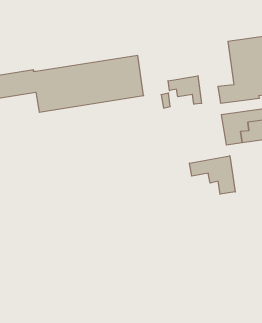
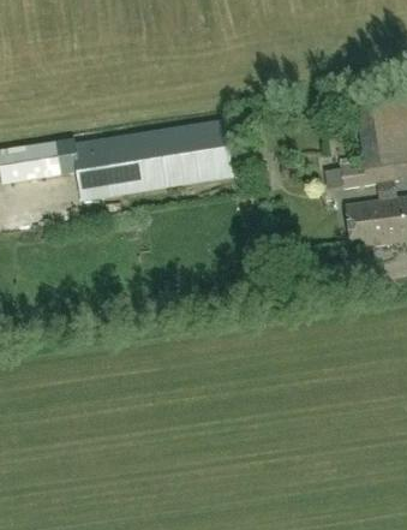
building: [168,76,202,104] -> none
building: [190,156,235,194] -> none

